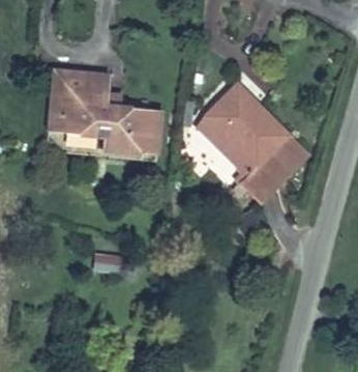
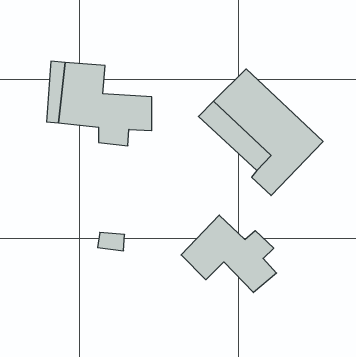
building: [125,108,160,156] -> none
building: none -> [181,215,277,293]

